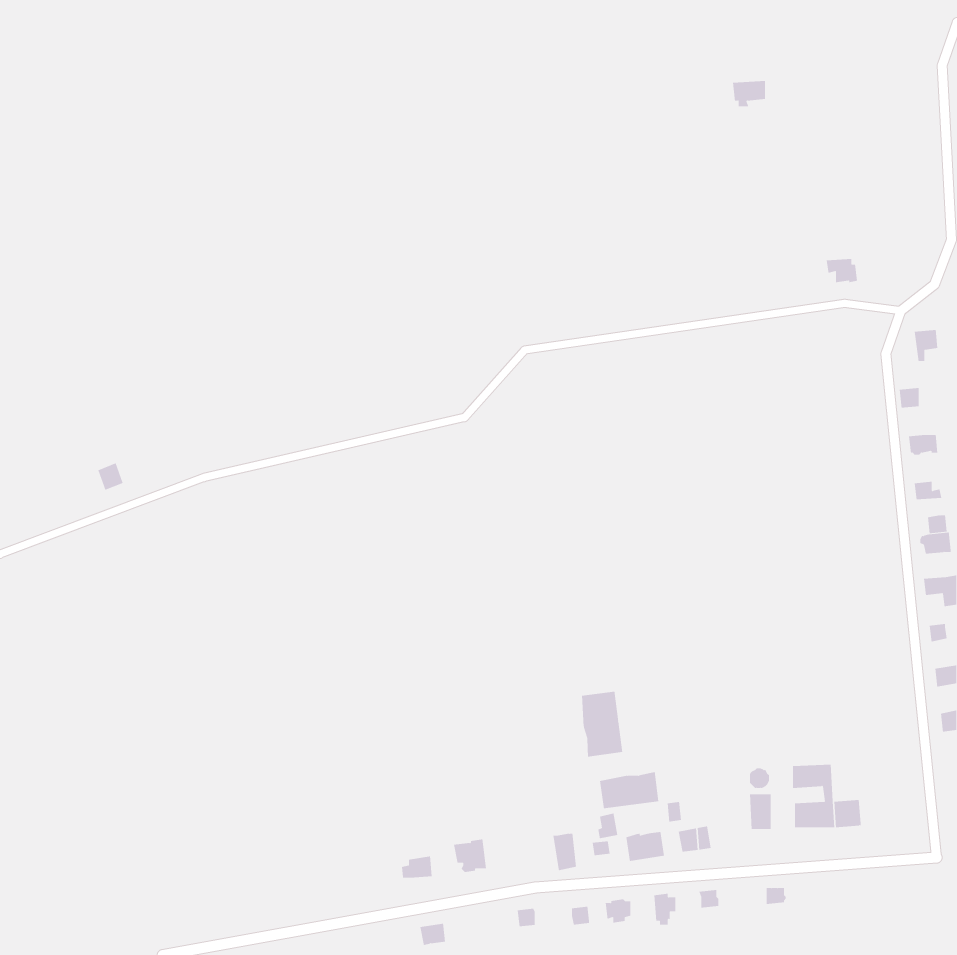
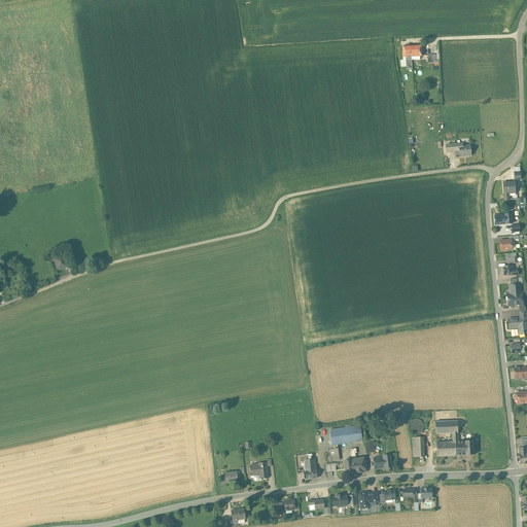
building: [581,691,623,757] -> none

